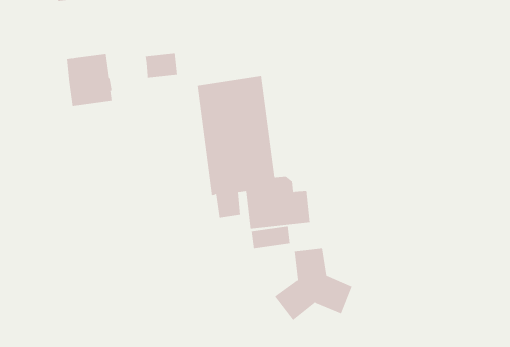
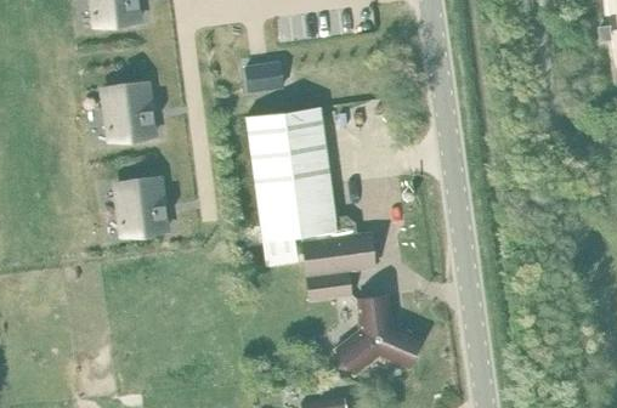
building: [145,53,178,78] -> [247,63,283,91]
building: none -> [115,177,168,236]

